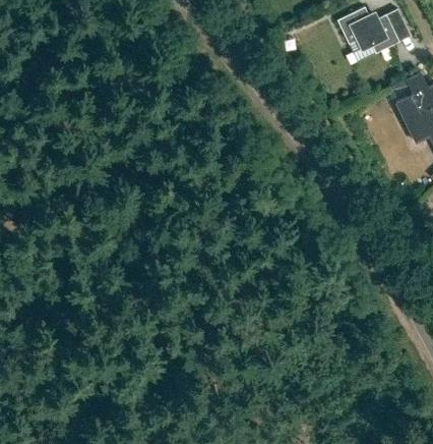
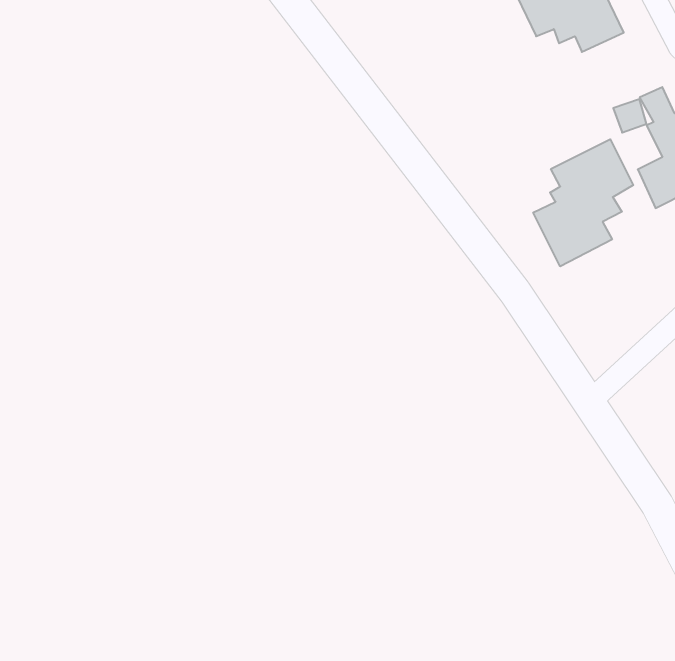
building: none -> [533,139,633,266]

